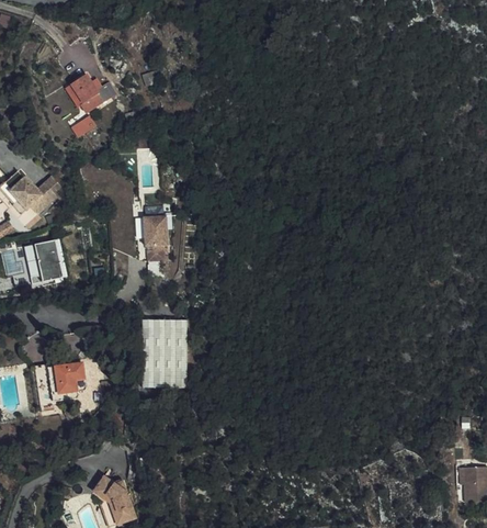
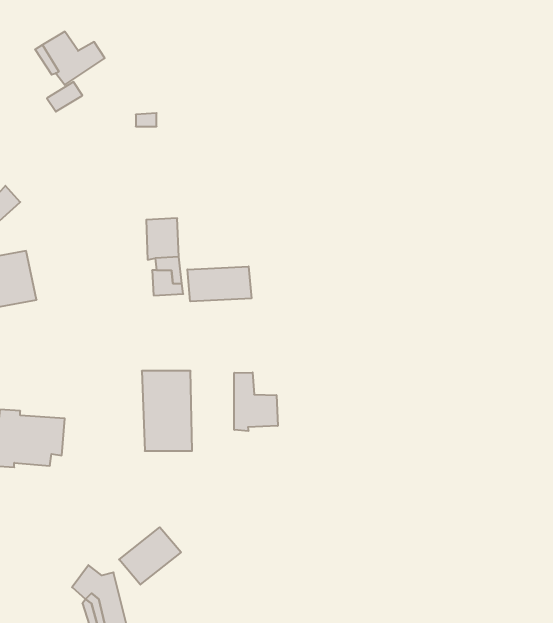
building: none -> [187,266,251,301]
building: none -> [234,372,278,431]
building: none -> [119,527,181,585]

